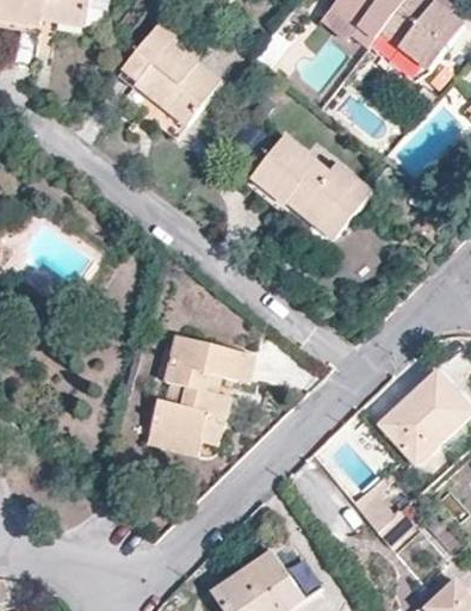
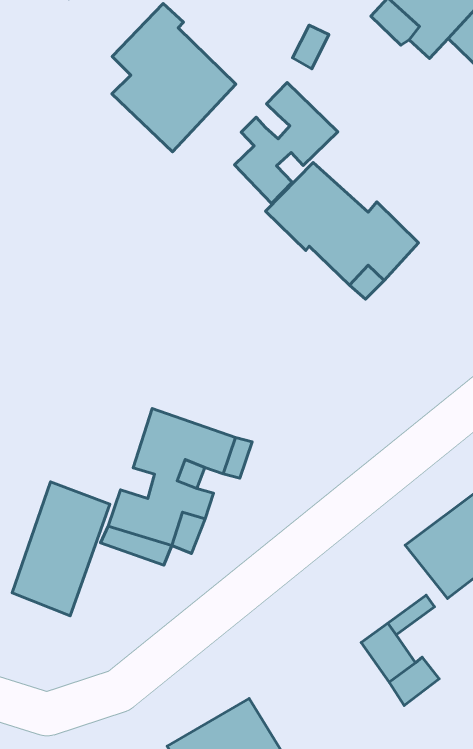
building: none -> [235,83,338,204]
building: none -> [12,482,110,616]

